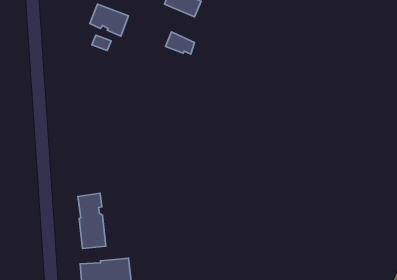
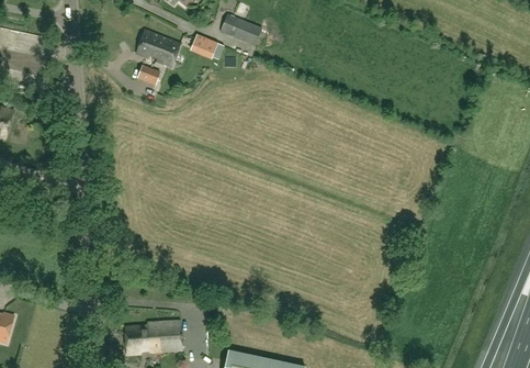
building: [166,32,195,54] -> [191,34,224,59]
building: [78,193,106,248] -> none

